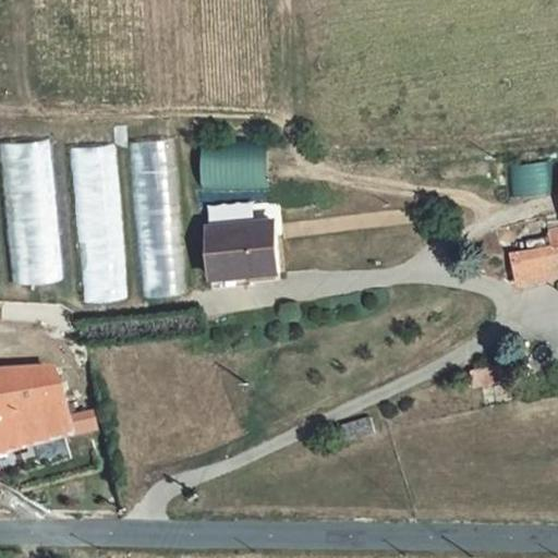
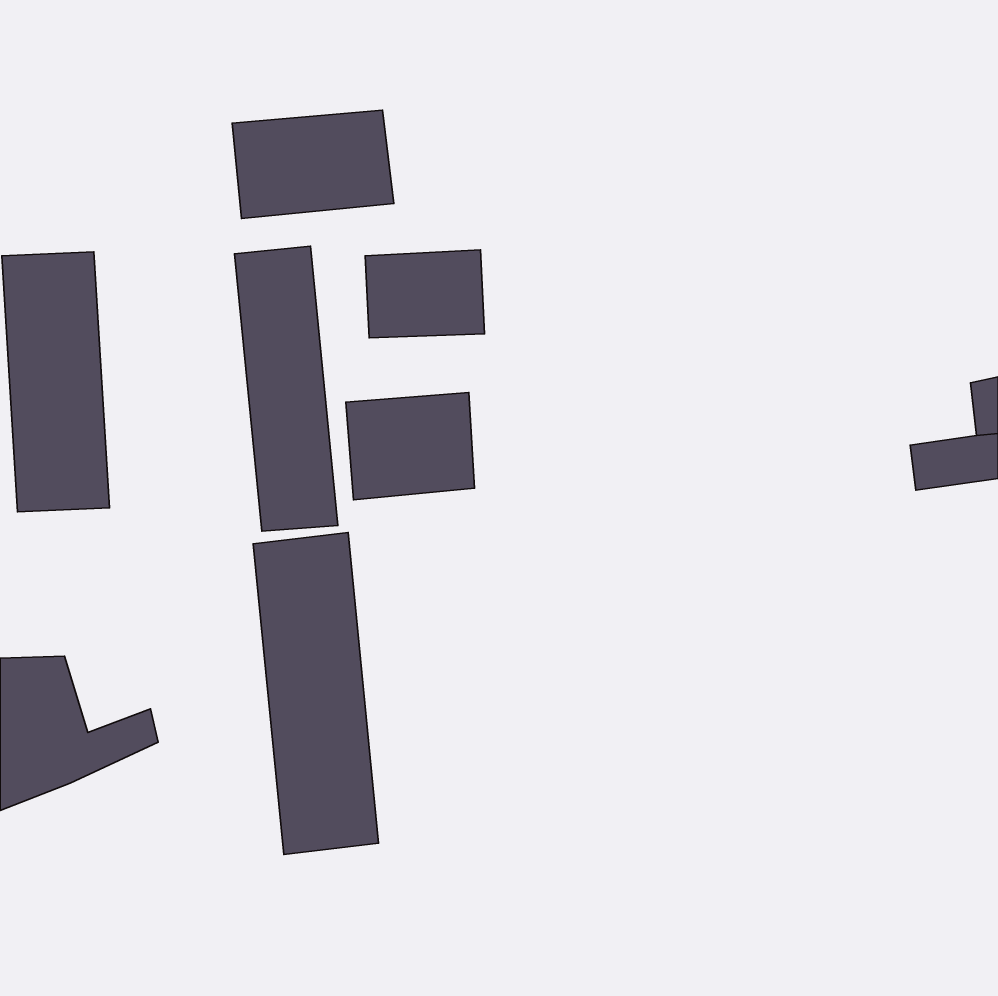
building: none -> [232,110,394,219]
building: [73,146,125,302] -> none
building: none -> [253,532,379,855]

